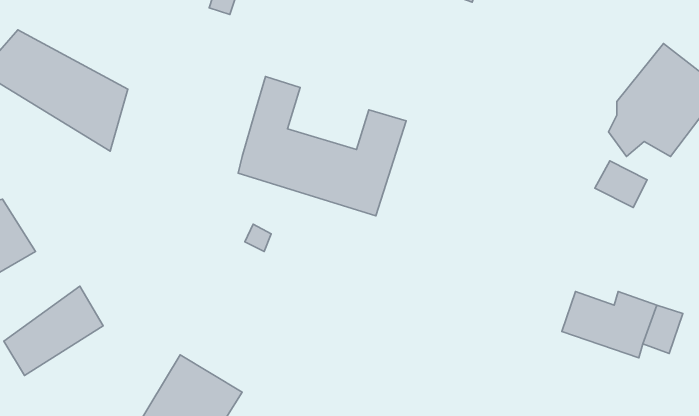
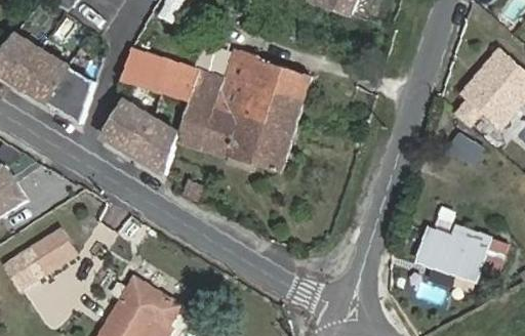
building: none -> [122,50,198,97]
building: none -> [214,51,311,124]
building: none -> [105,102,180,175]

